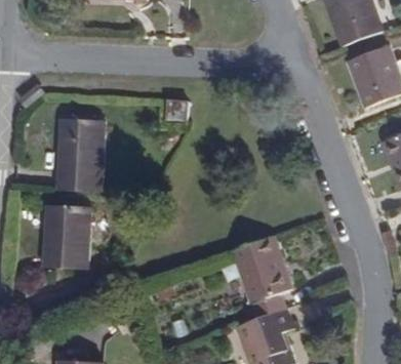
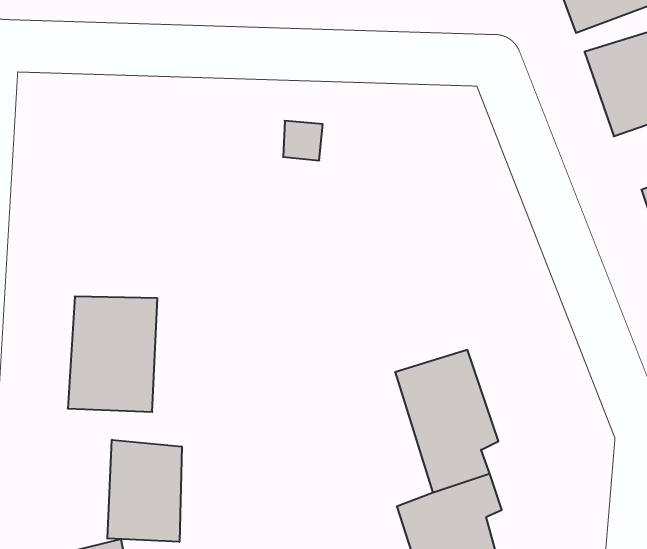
building: [54,116,106,192] -> none
building: none -> [107,440,182,542]

